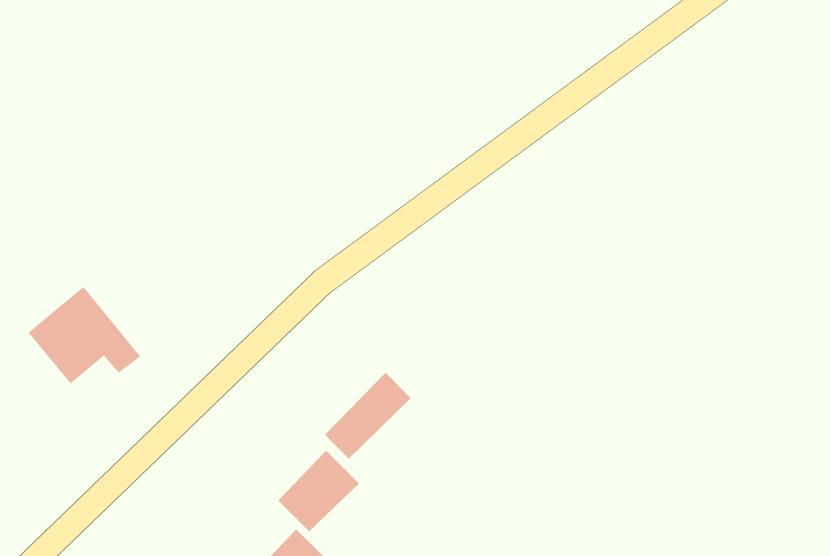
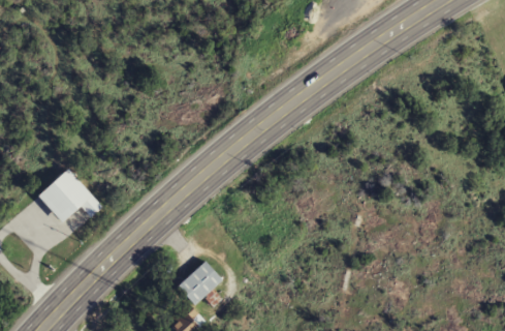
building: [324,372,412,459] -> none

